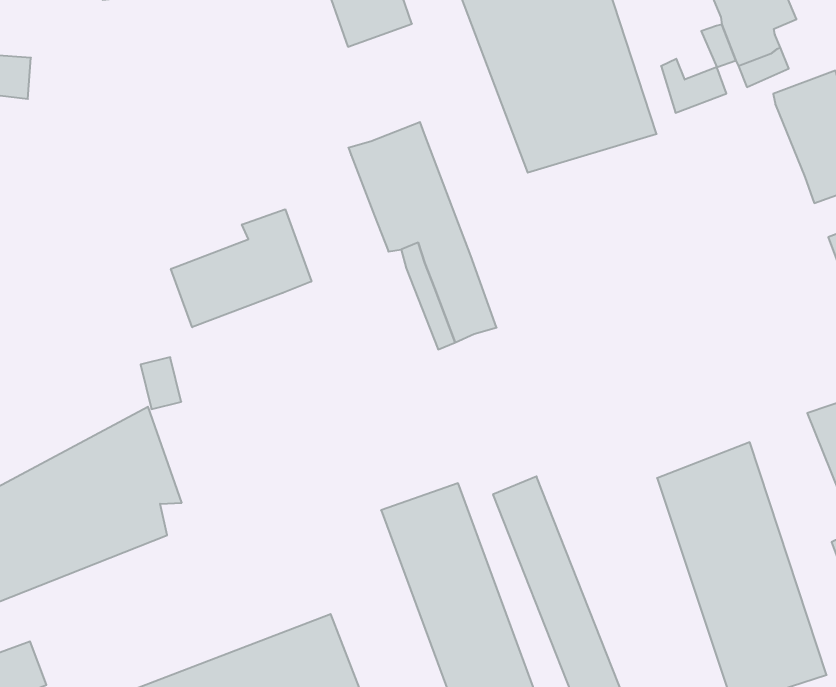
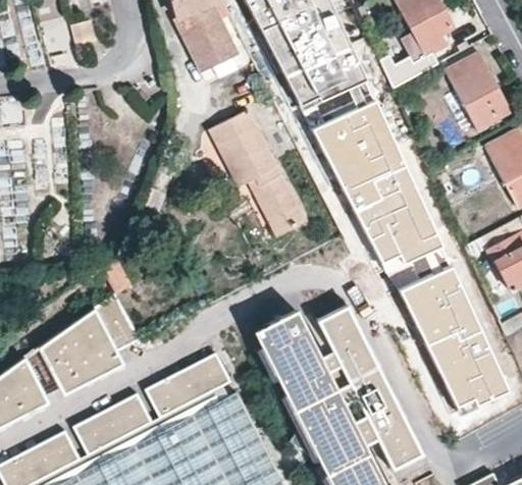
building: none -> [312,100,456,294]
building: [171,209,311,327] -> none
building: none -> [143,351,224,414]
building: none -> [75,393,144,445]

